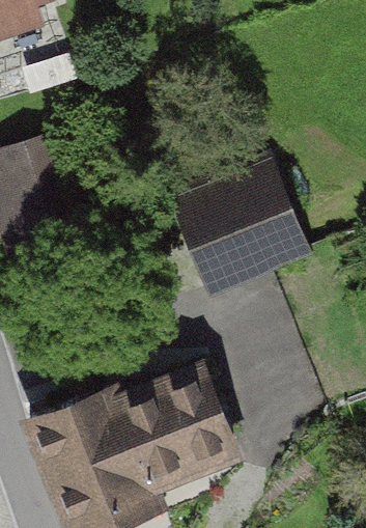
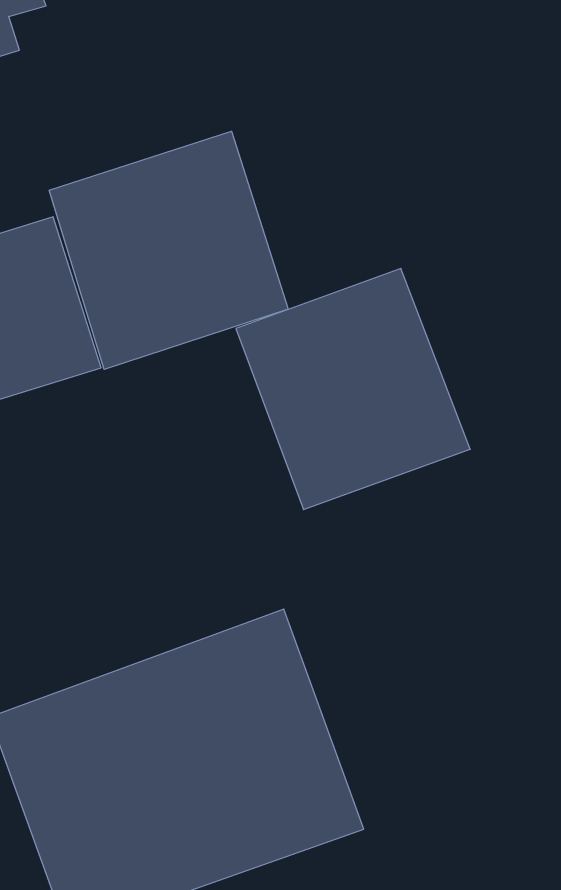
building: none -> [49,131,288,369]

